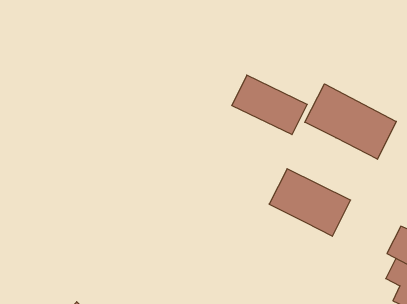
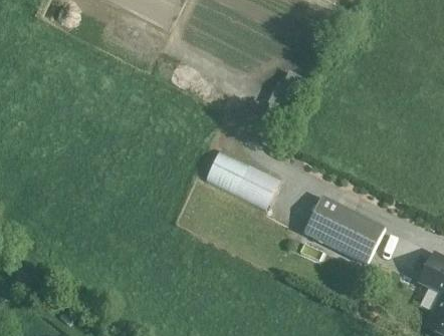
building: [232,75,307,135] -> [205,149,280,209]
building: [305,84,396,159] -> none

